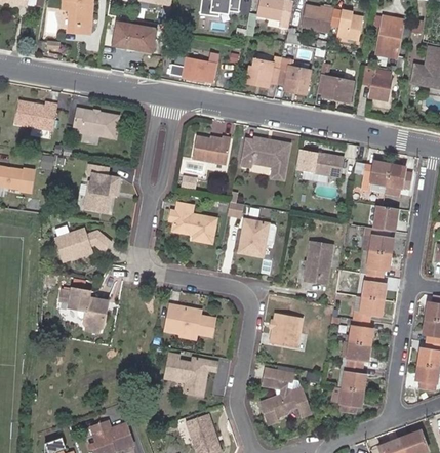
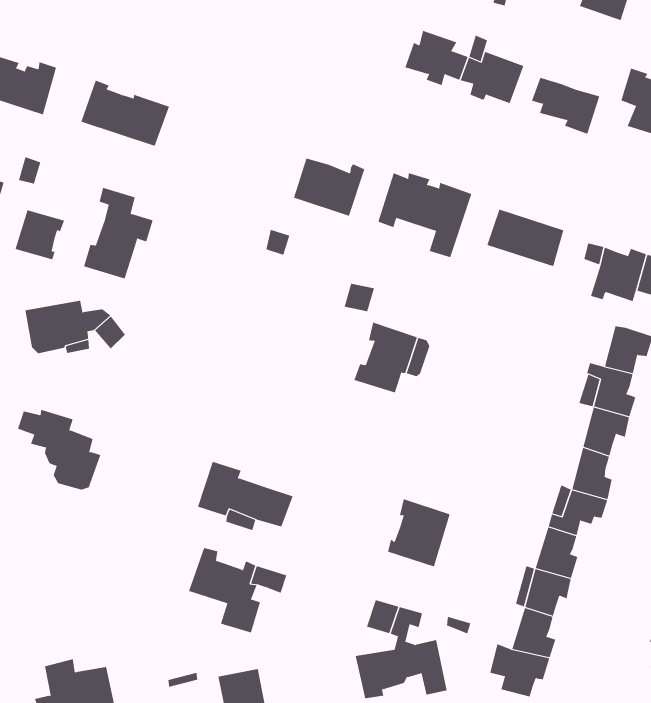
building: [183,58,216,82] -> none
building: none -> [15,209,65,260]
building: [170,202,216,241] -> none
building: [303,241,331,283] -> none

